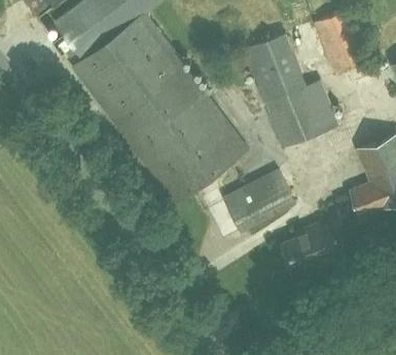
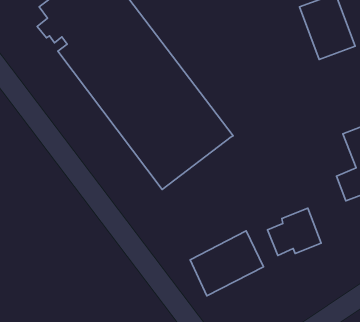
building: [243,34,338,149] -> none
building: [223,169,296,234] -> [190,231,264,296]

